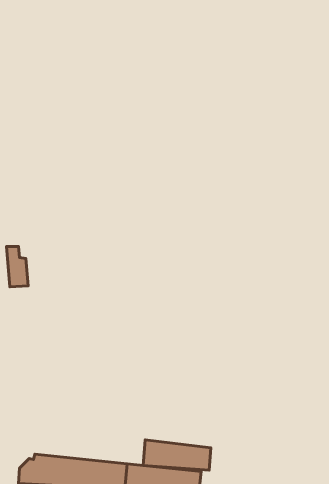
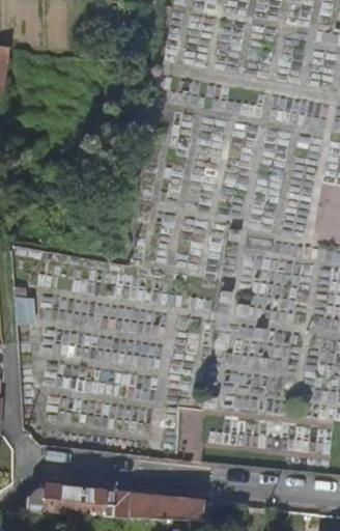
building: [143,440,211,470] -> none

